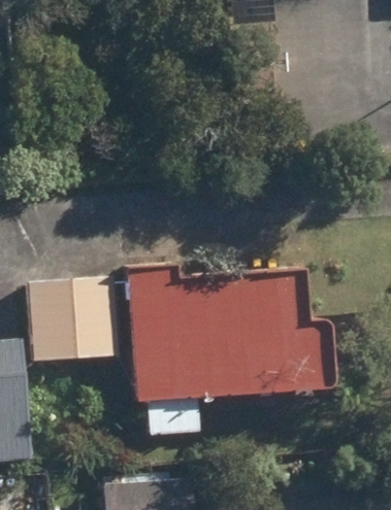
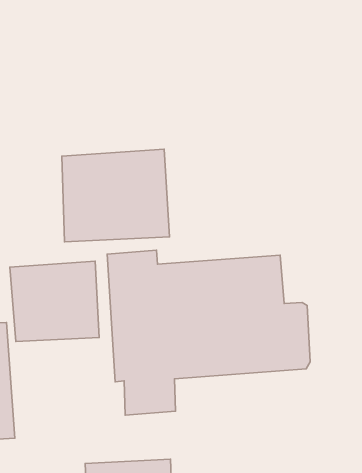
building: none -> [62,149,170,242]

